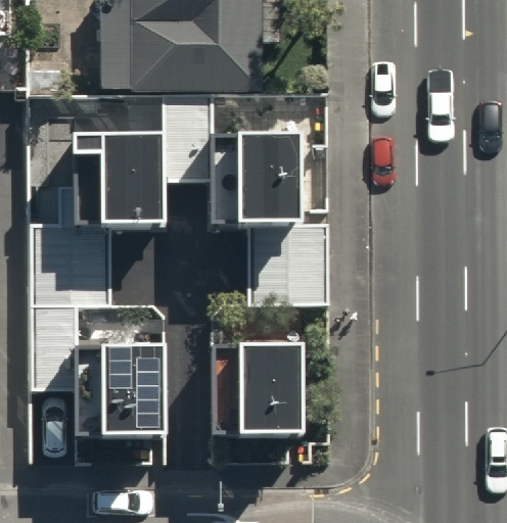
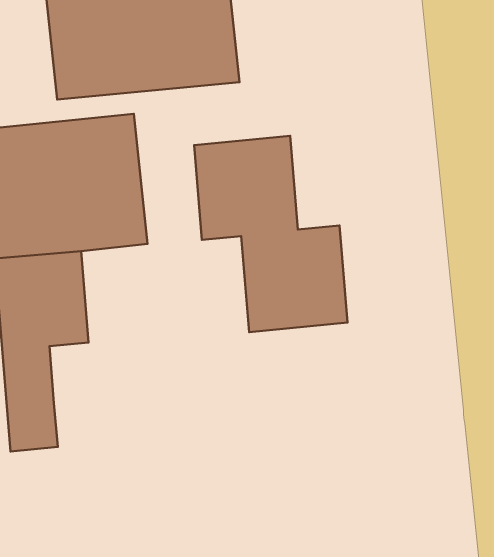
building: [215,347,298,436] -> none
building: [75,349,165,437] -> none

